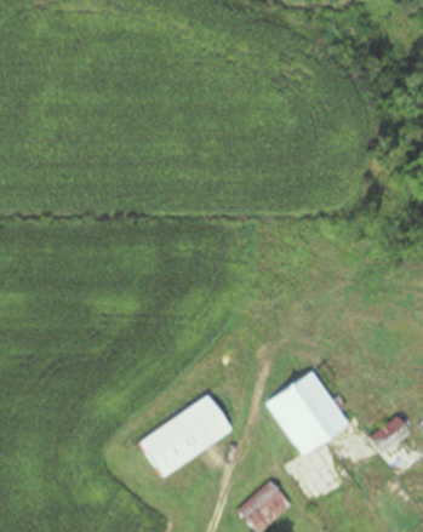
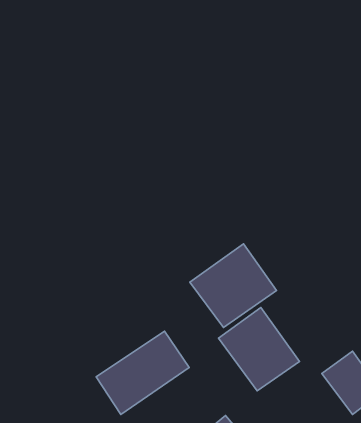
building: none -> [190,244,277,328]

